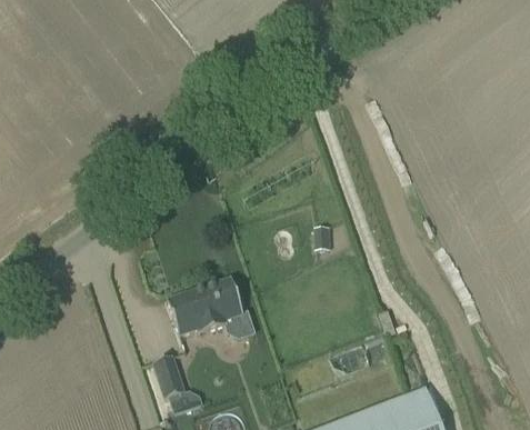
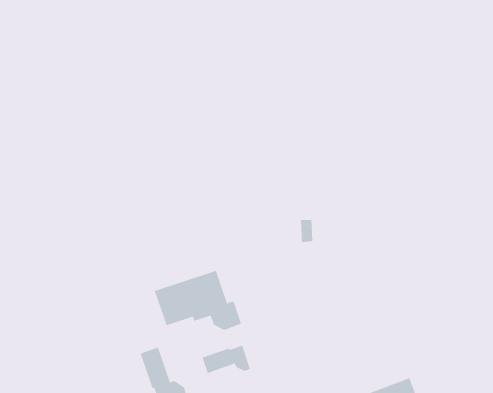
building: none -> [202,345,251,374]

